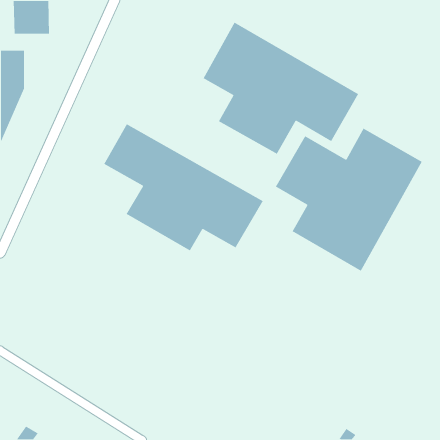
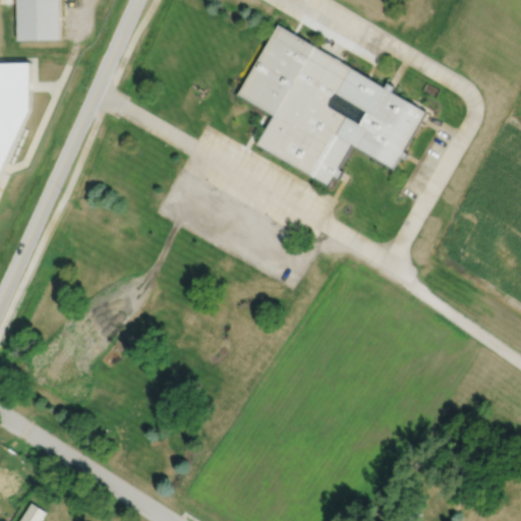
building: [103,123,264,252] -> none
building: [275,128,423,272] -> none

